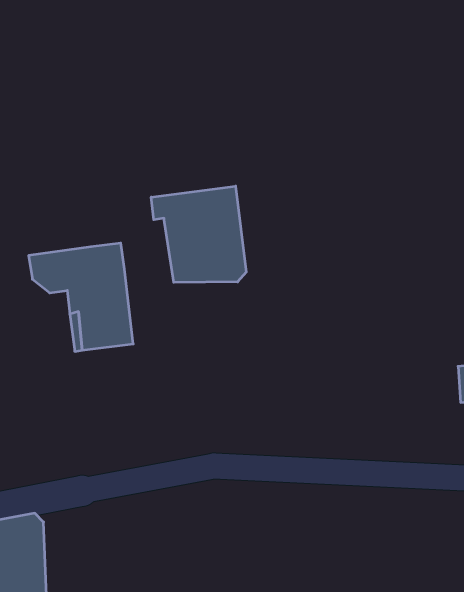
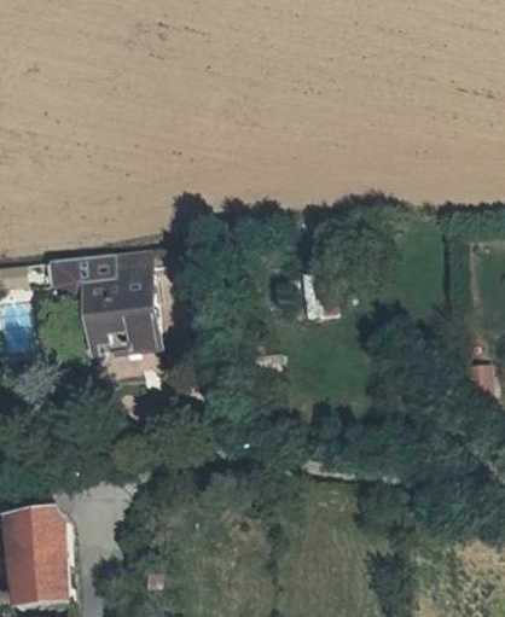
building: [151,186,246,282] -> none

